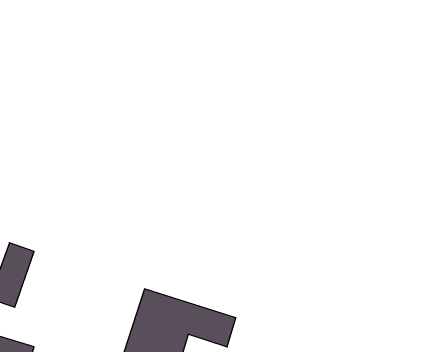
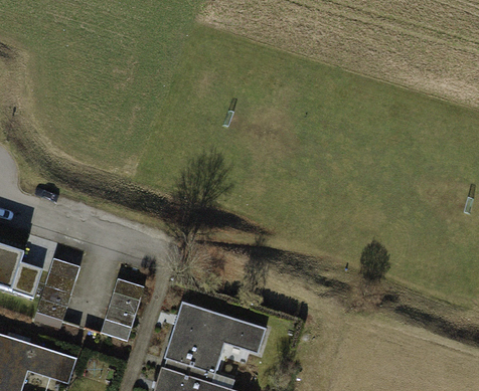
building: none -> [100,281,138,338]

